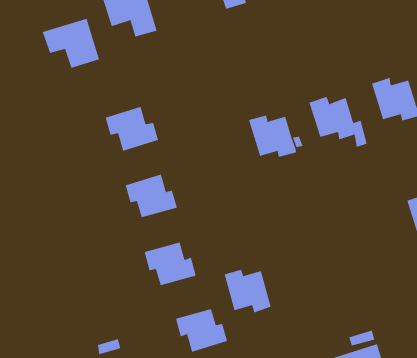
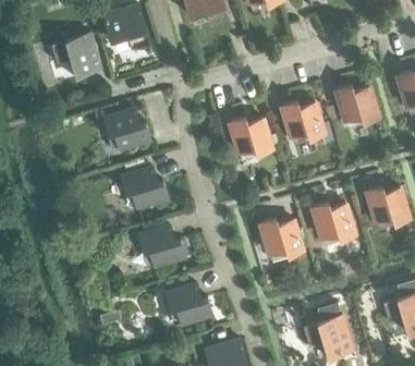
building: none -> [312,204,354,241]
building: [224,269,272,313] -> [260,219,302,257]

